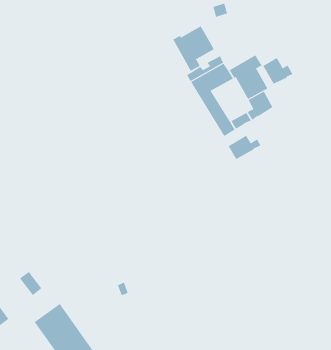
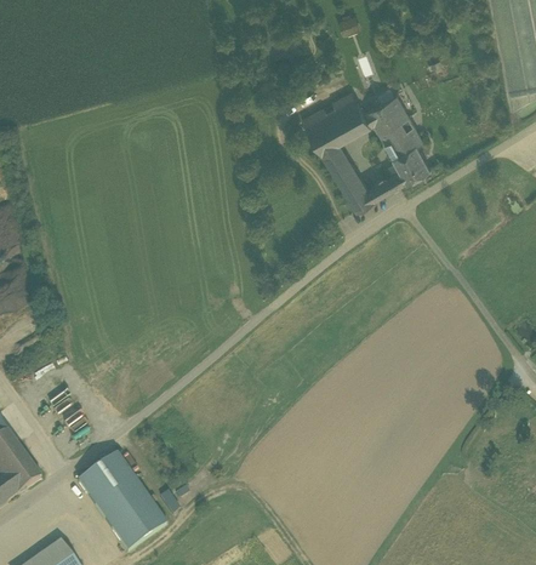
building: [172,25,215,71] -> none
building: [263,57,293,84] -> none
building: [228,135,261,160] -> none

